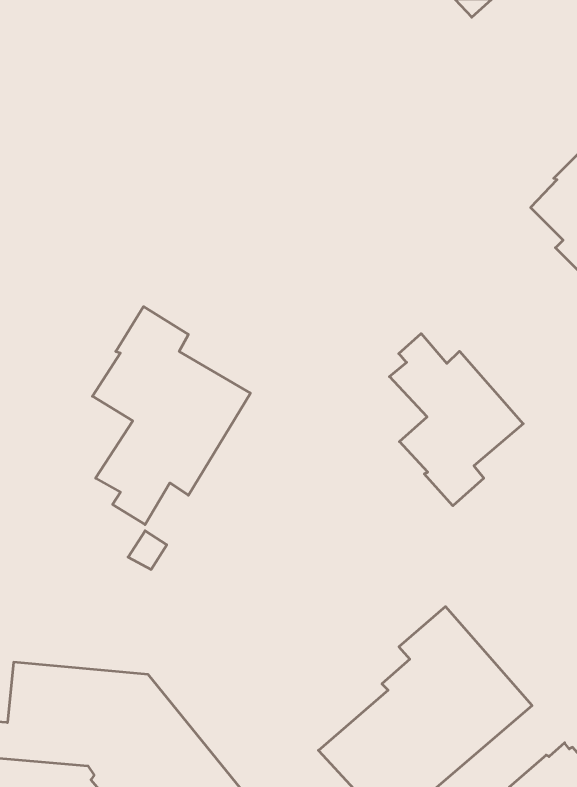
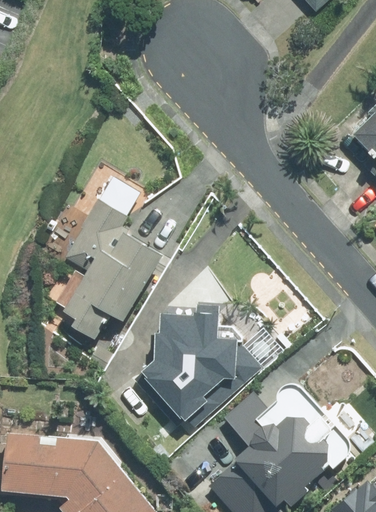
building: [389,334,523,506] -> none
building: none -> [131,311,259,427]

